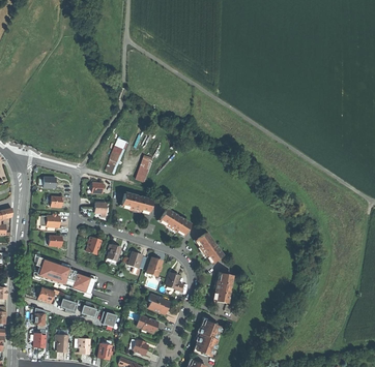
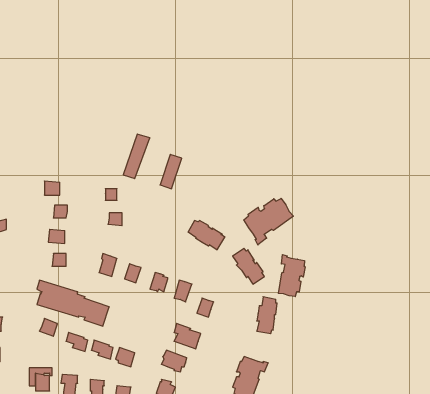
building: none -> [244,198,293,245]
building: [120,192,150,211] -> none
building: none -> [278,255,305,297]

